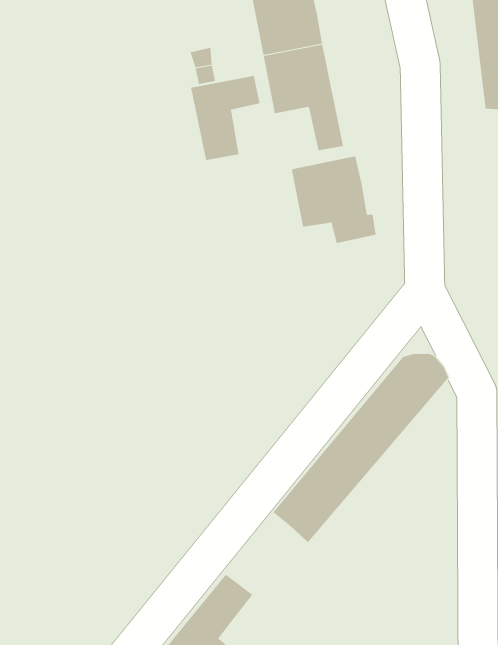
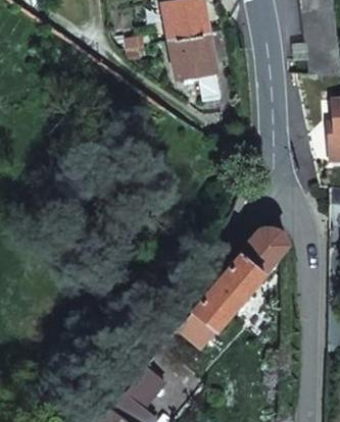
building: [191,75,260,161] -> none
building: [291,156,376,244] -> none

